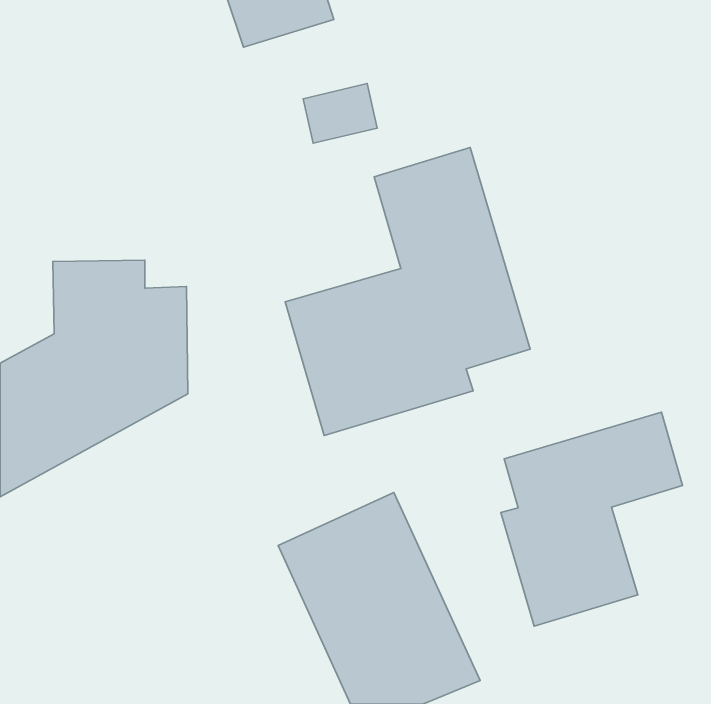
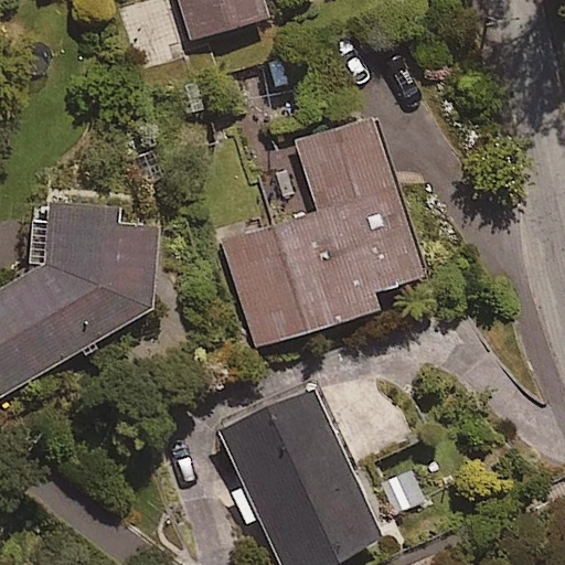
building: [501,412,683,626] -> none

